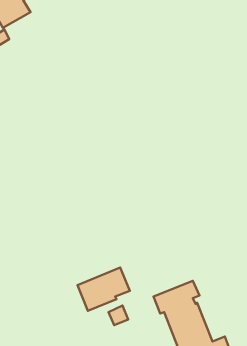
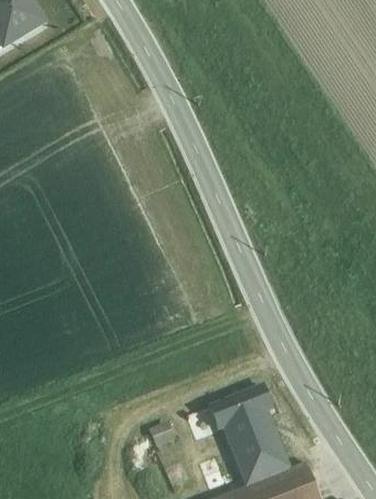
building: [78,267,130,311] -> none

